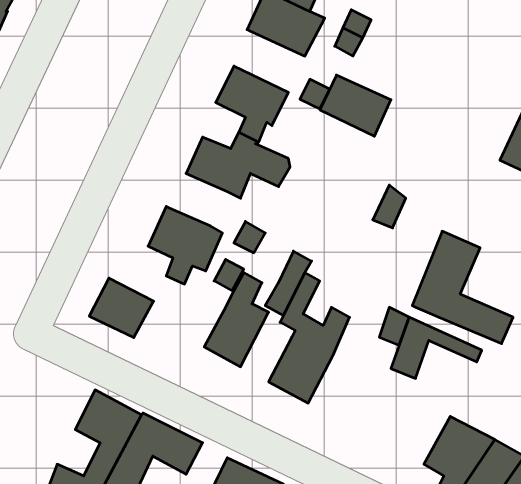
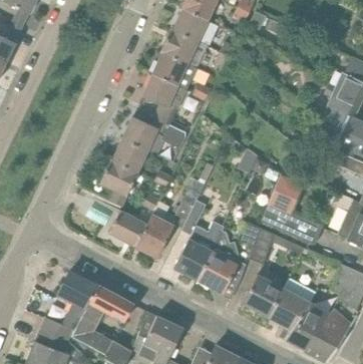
building: [320,75,391,136] -> [153,54,197,91]
building: none -> [114,140,149,172]
building: [89,278,154,338] -> [108,210,147,246]
building: none -> [199,251,239,293]
building: none -> [242,274,285,317]

